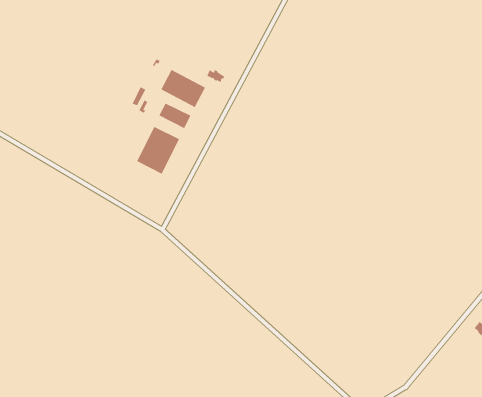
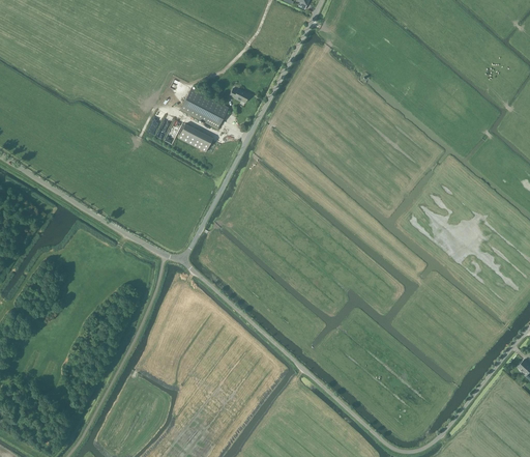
building: [137,126,180,174] -> none

